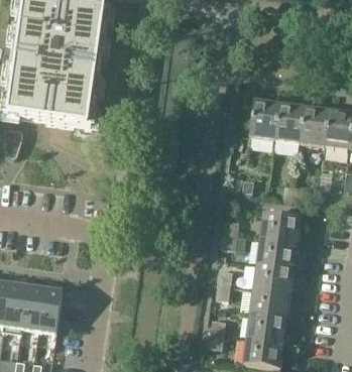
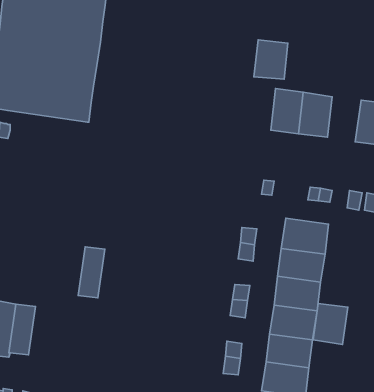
building: none -> [254,40,288,79]
building: [300,106,329,145] -> none
building: none -> [313,304,348,344]
building: [39,288,63,333] -> [78,247,105,298]

